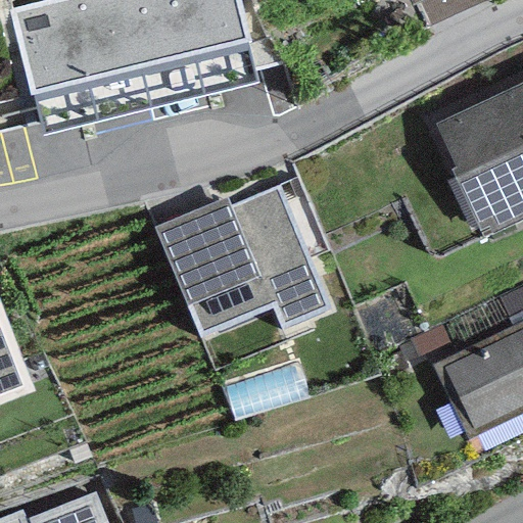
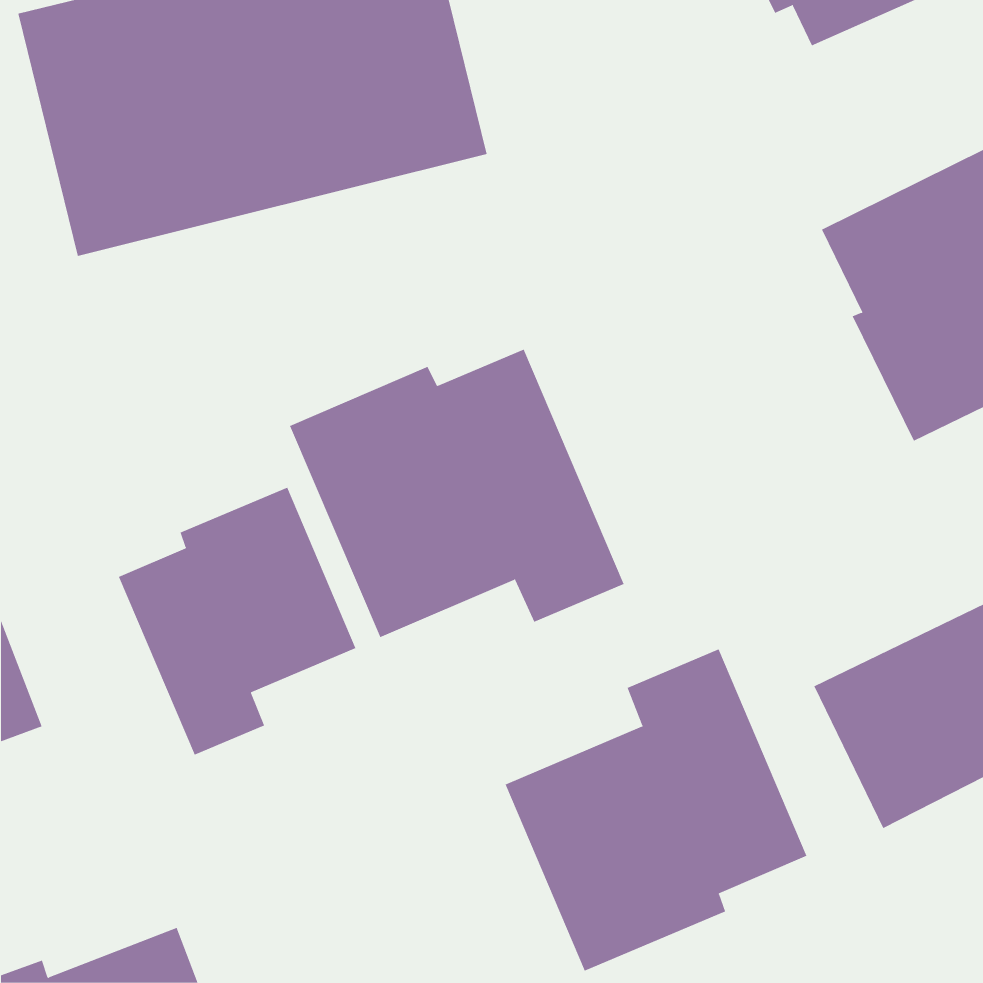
building: none -> [118,487,356,756]
building: none -> [505,648,807,972]

